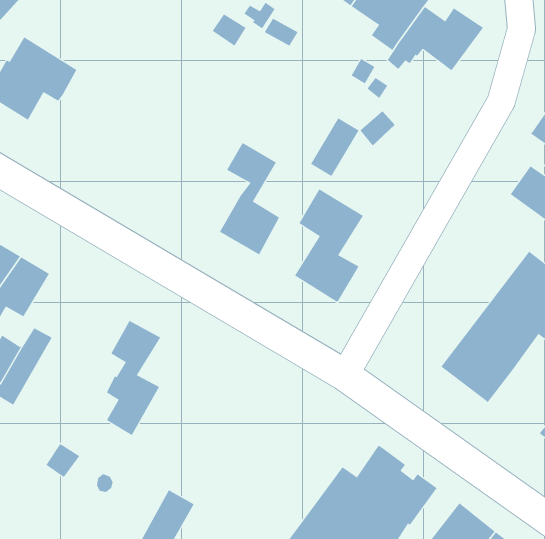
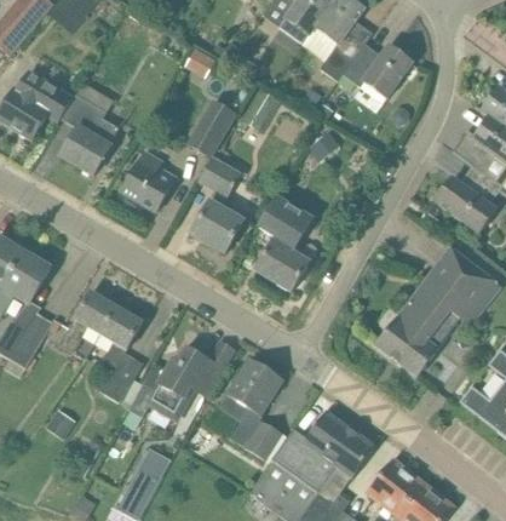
building: none -> [61,80,117,173]
building: [310,118,359,177] -> [190,103,231,153]
building: none -> [121,149,173,210]
building: none -> [58,290,116,351]
building: none -> [127,345,224,417]
building: none -> [218,359,282,420]
building: none -> [245,420,281,459]

